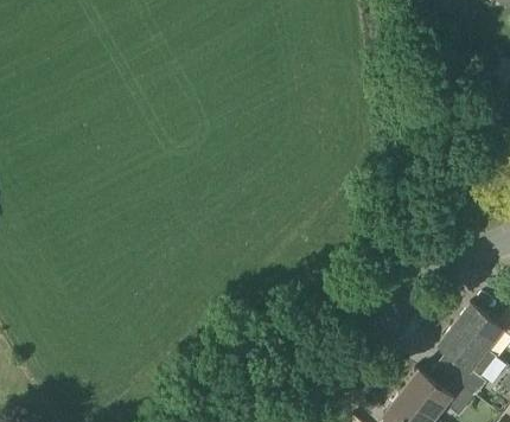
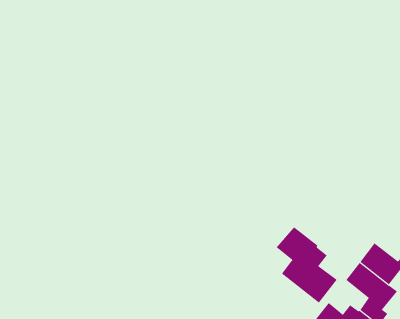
building: none -> [276,225,337,304]

